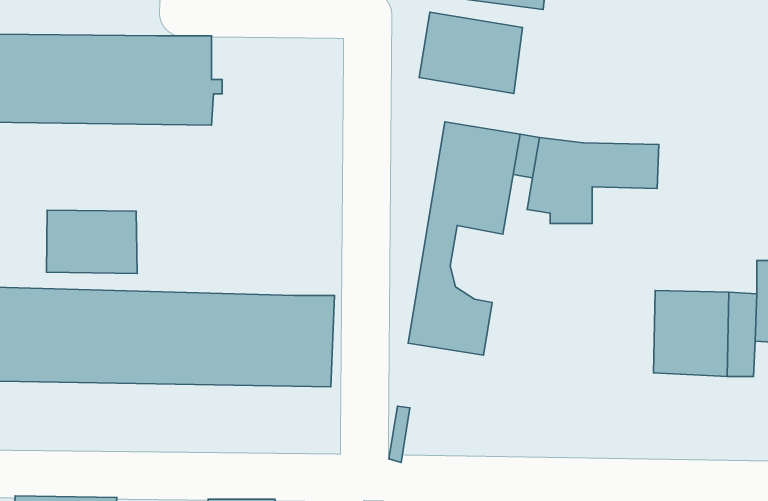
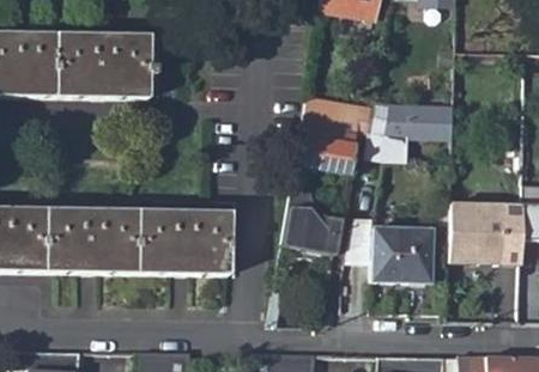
building: [419,12,523,93] -> none
building: [46,210,137,274] -> none
building: none -> [373,227,431,282]

